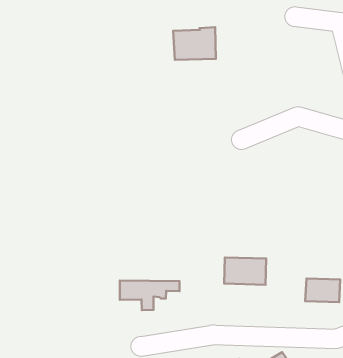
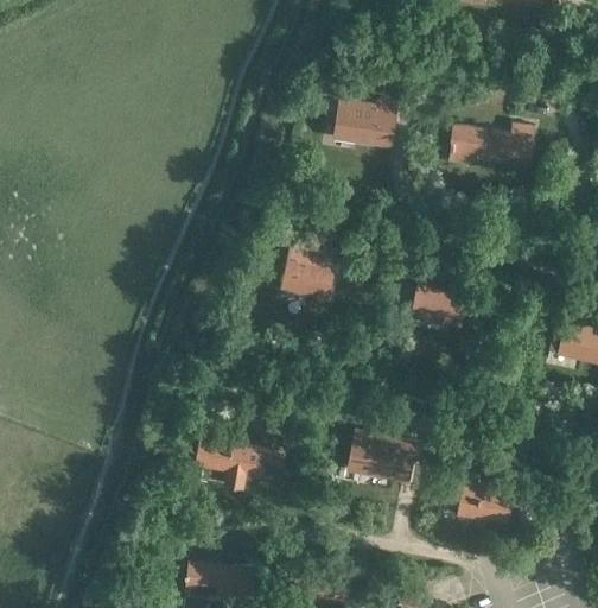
building: none -> [448,125,534,165]
building: none -> [282,251,335,298]
building: none -> [412,286,467,328]

